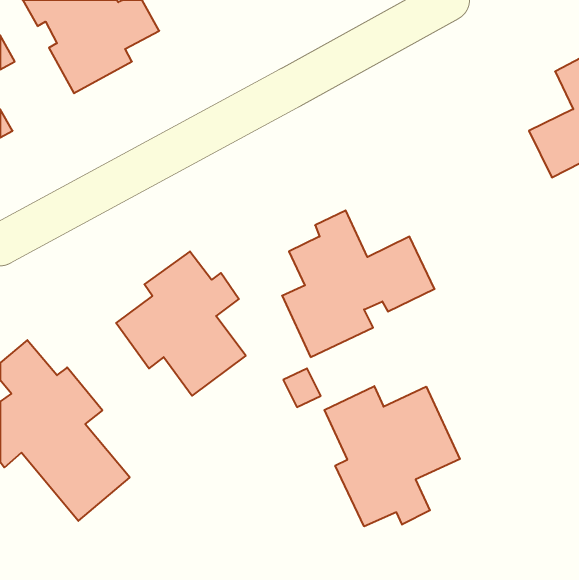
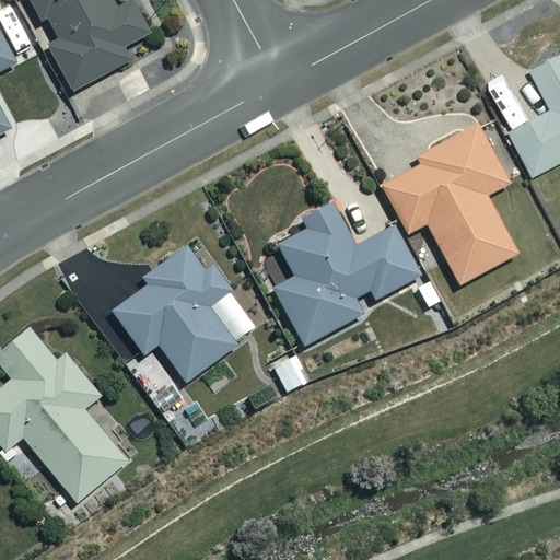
building: none -> [383,119,516,284]
building: [324,386,460,526] -> none

